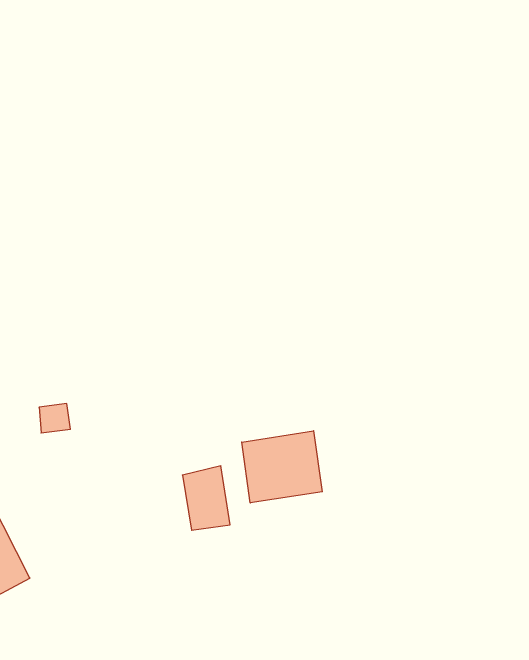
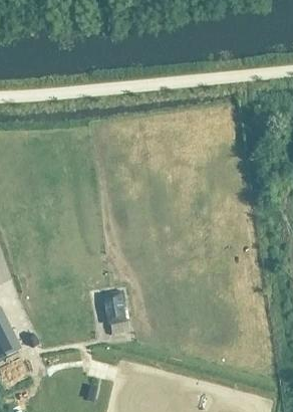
building: [242,431,322,503] -> none

